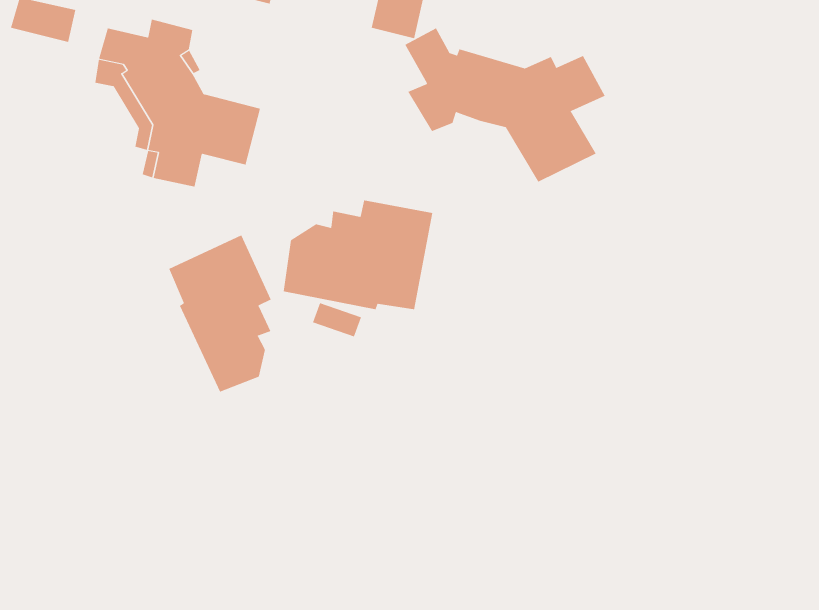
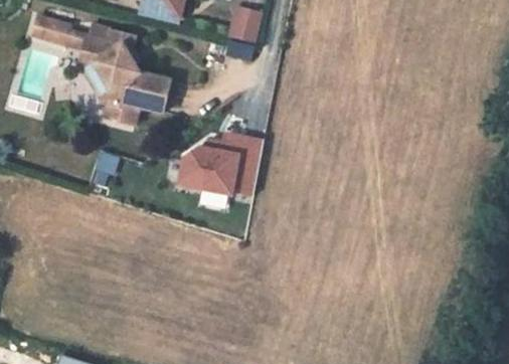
building: [405,28,605,182] -> none
building: [168,235,271,393] -> none

